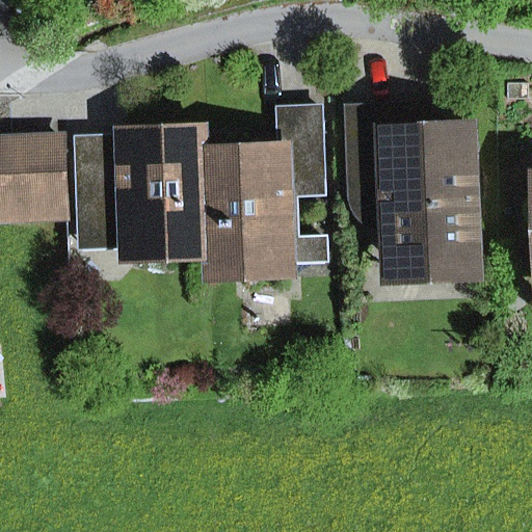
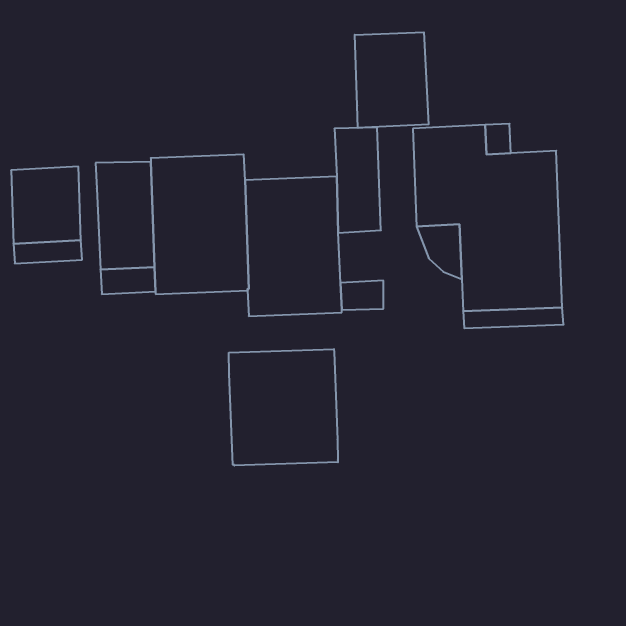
building: none -> [355,32,429,128]
building: none -> [229,349,338,466]

